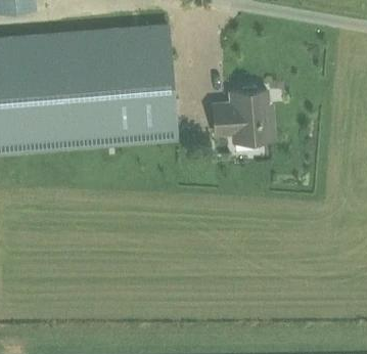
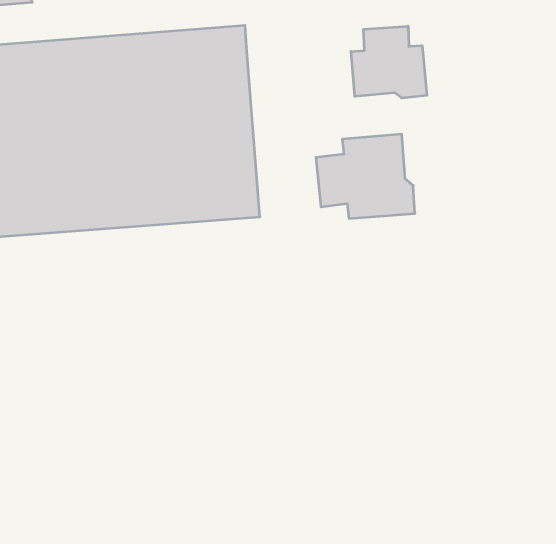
building: none -> [351,26,427,98]

